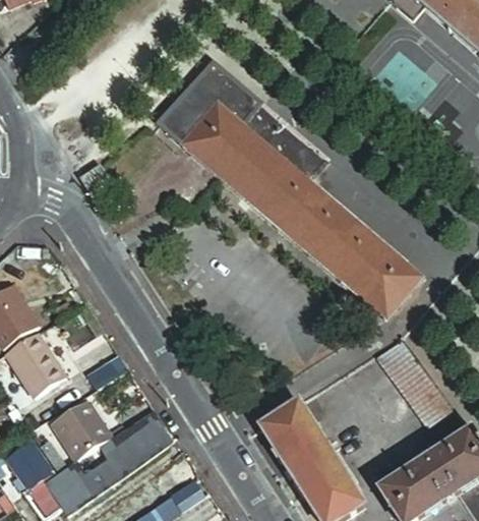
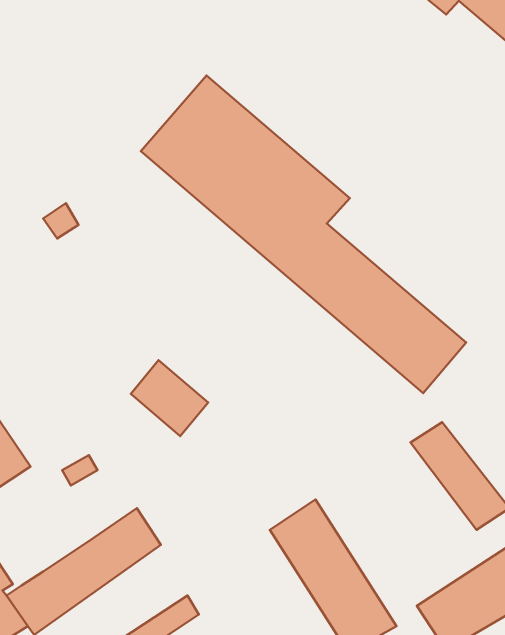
building: none -> [131,360,208,436]
building: [57,400,116,460] -> none

